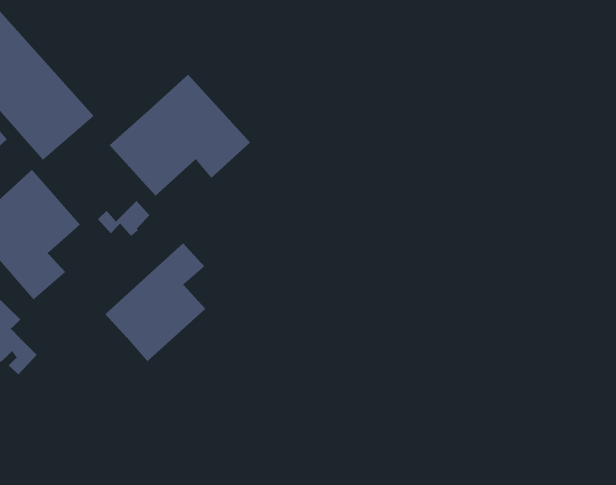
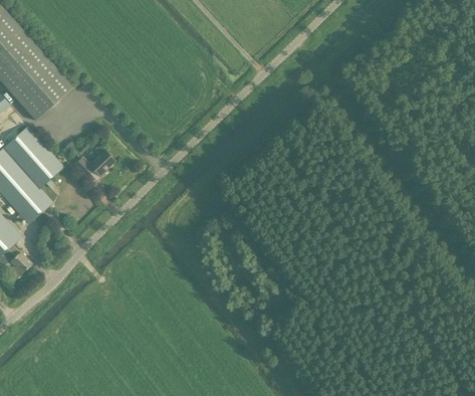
building: [109,74,251,197] -> none
building: [105,242,206,362] -> none

